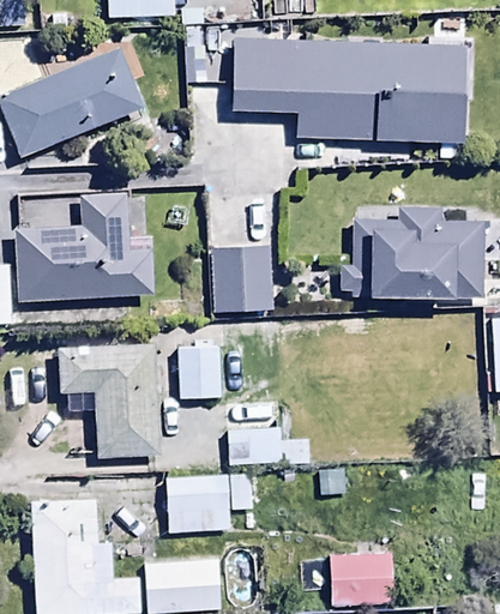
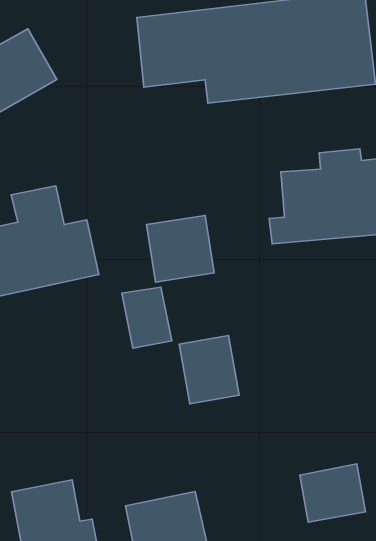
building: [58,347,157,460] -> none
building: [165,456,229,511] -> none

